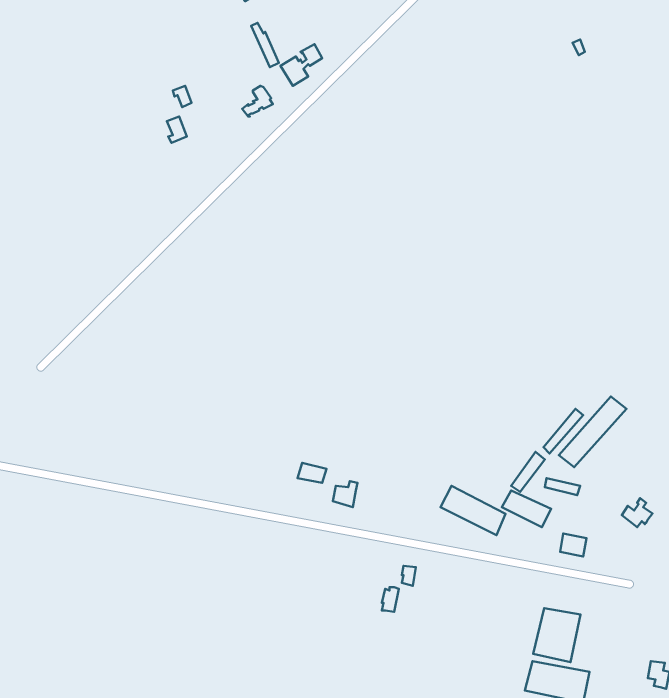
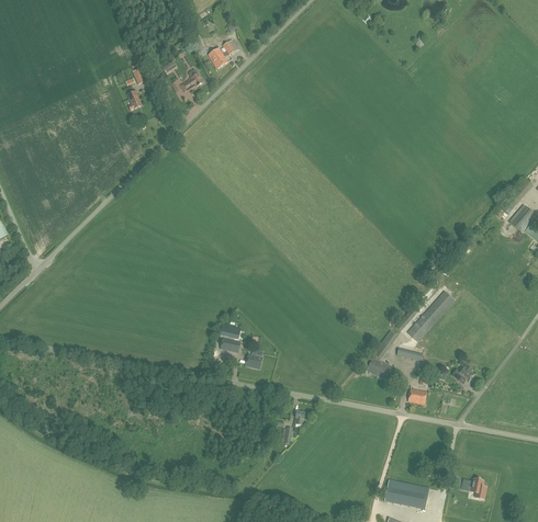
building: [441,486,505,535] -> none
building: [533,608,581,662] -> none

